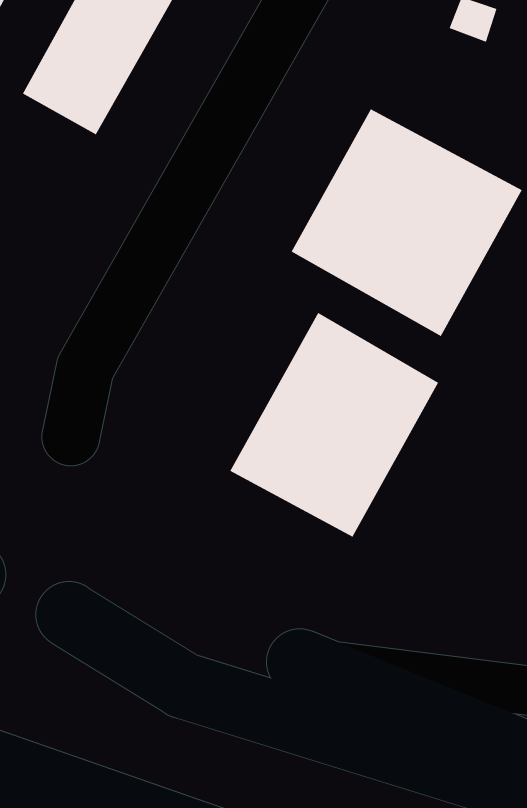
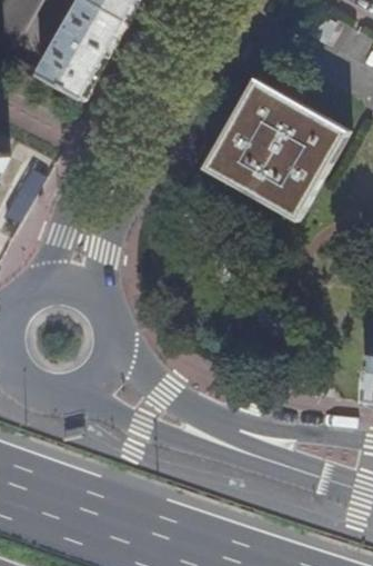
building: [229,312,439,538] -> none

